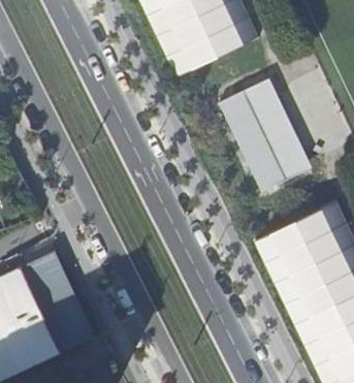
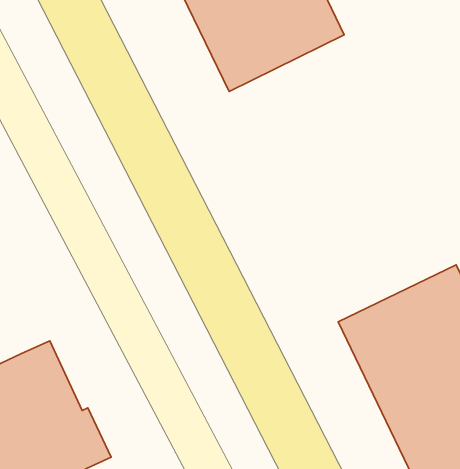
building: [220,86,297,191] -> none

